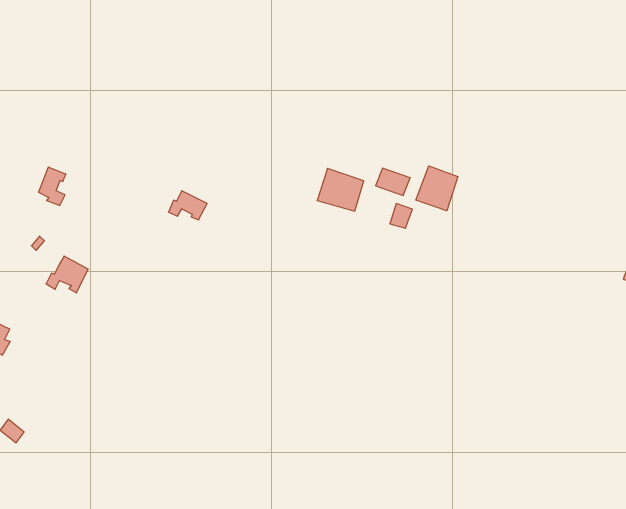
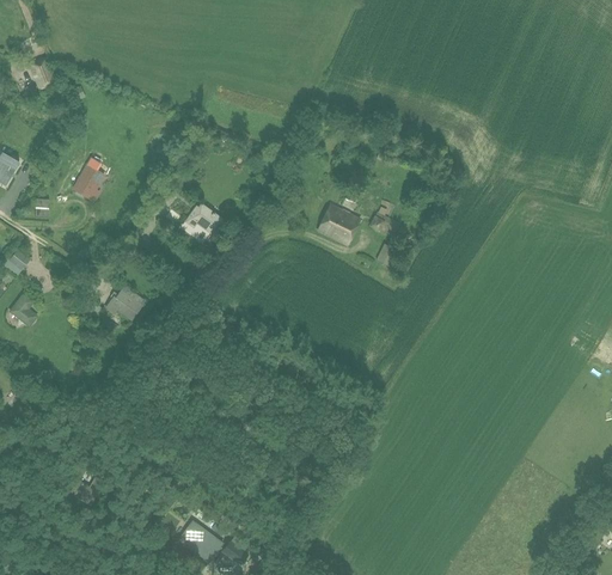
building: [416,166,458,211] -> none
building: [46,256,88,293] -> [105,286,143,319]

